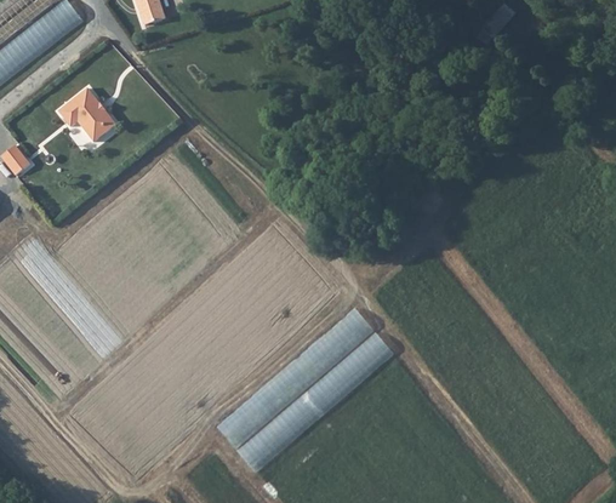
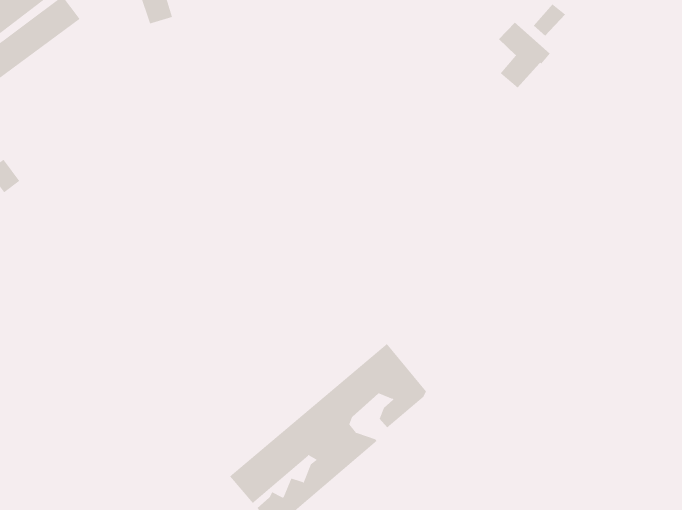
building: none -> [498,22,551,89]
building: [58,88,116,142] -> none

